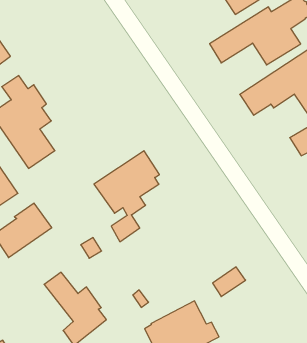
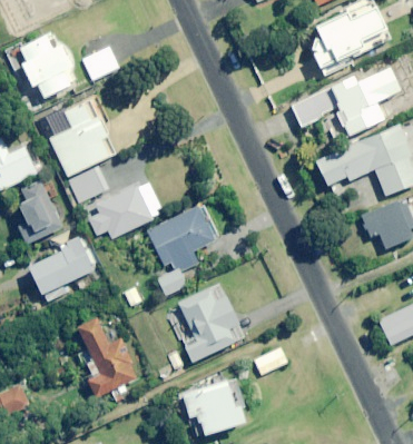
building: none -> [81,46,119,81]
building: none -> [87,182,163,238]
building: none -> [179,282,244,357]

